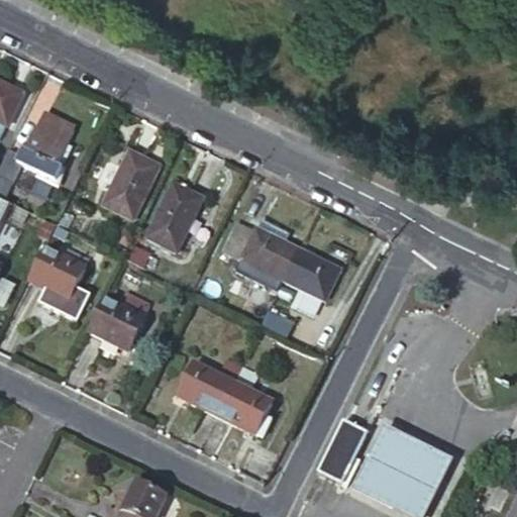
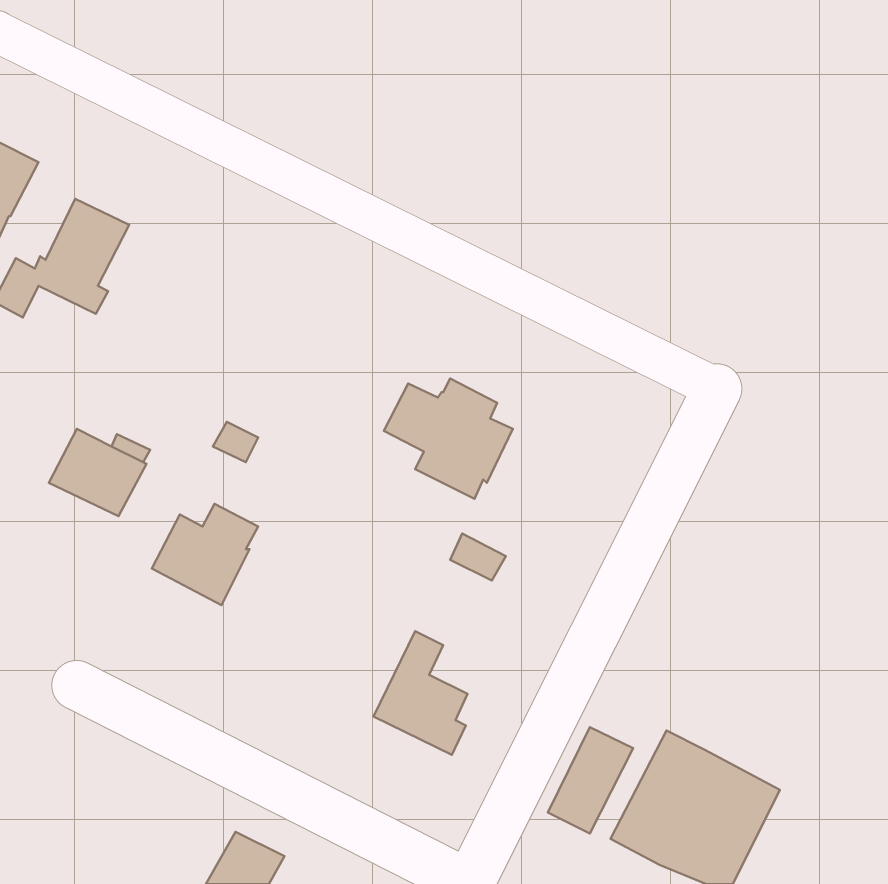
building: [102,151,158,218] -> none
building: [145,184,201,250] -> none
building: [282,248,339,301] -> none
building: [177,357,240,415] -> none

